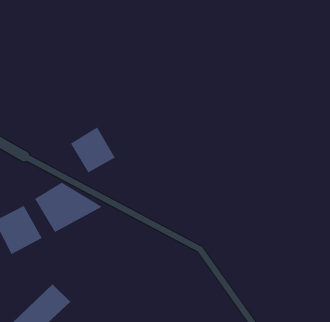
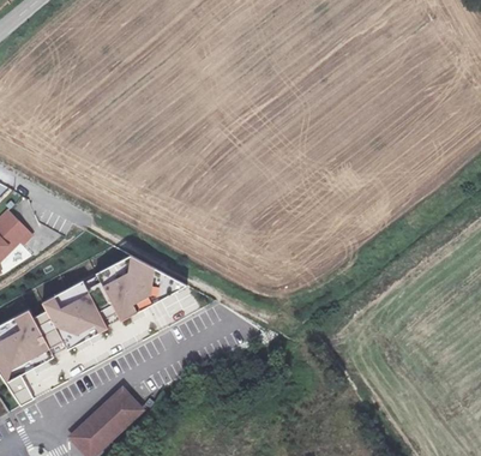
building: [70,126,116,173] -> none

